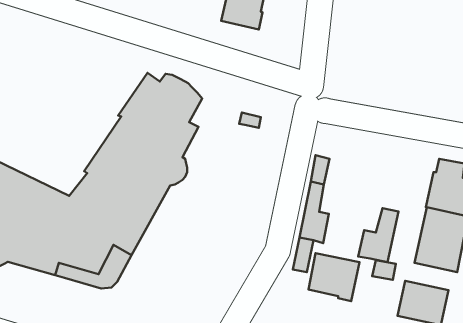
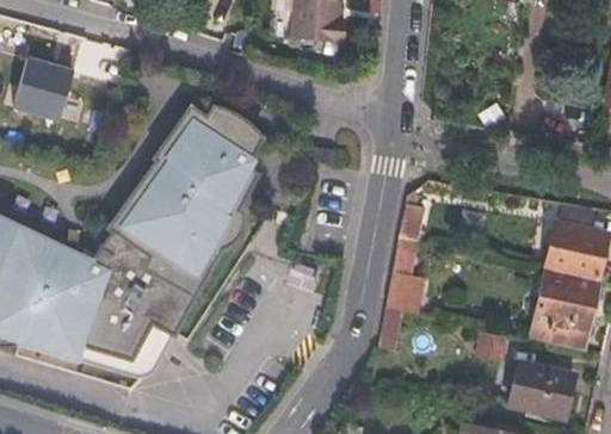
building: none -> [13,56,75,124]
building: [358,208,399,262] -> none
building: [308,253,359,301] -> none

